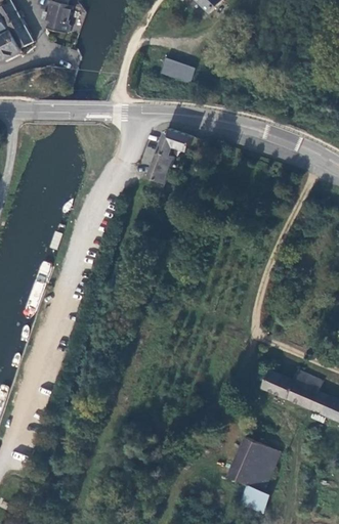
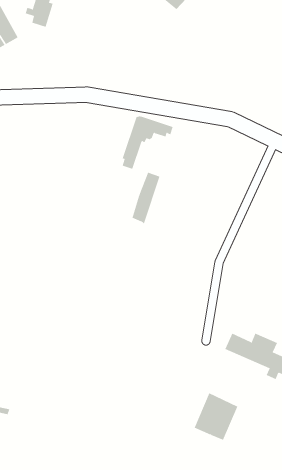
building: [158,56,194,83] -> none
building: none -> [132,172,160,225]
building: [240,483,270,511] -> none

